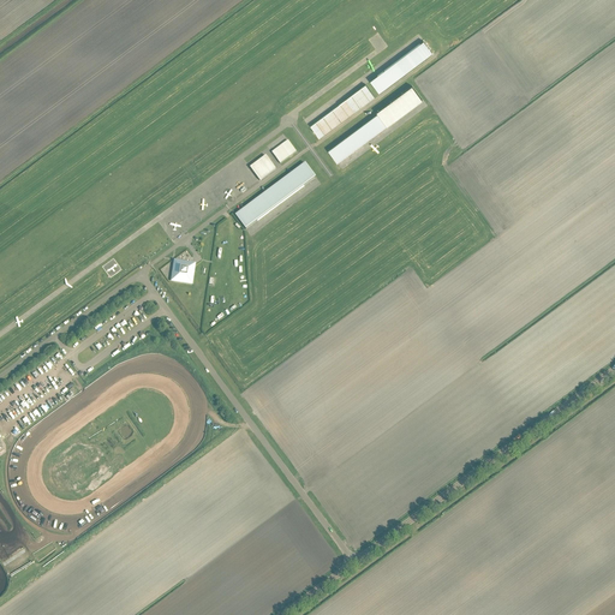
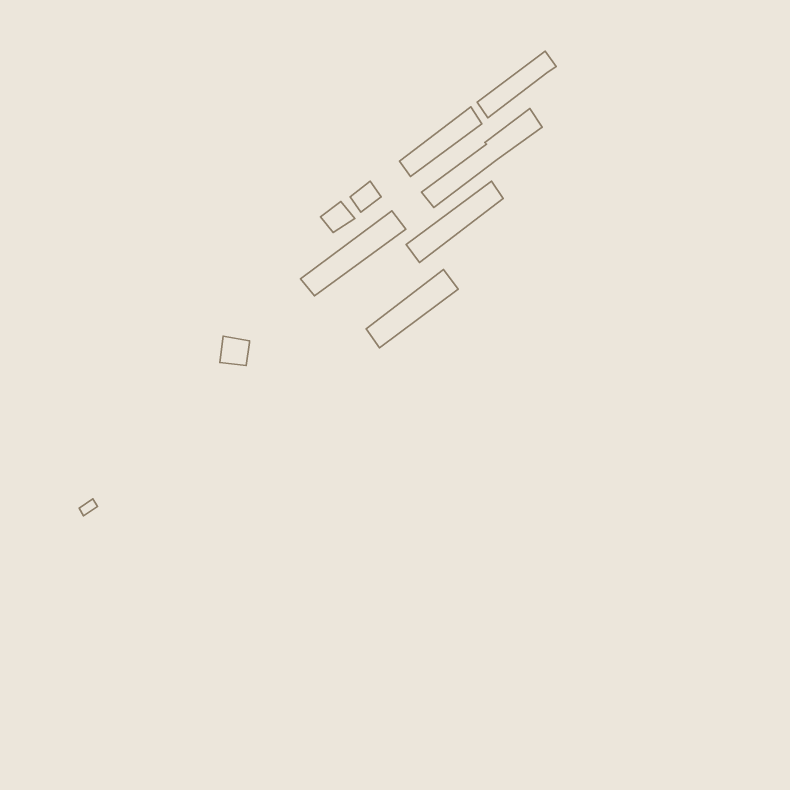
building: none -> [406,181,503,262]
building: none -> [366,270,458,348]

